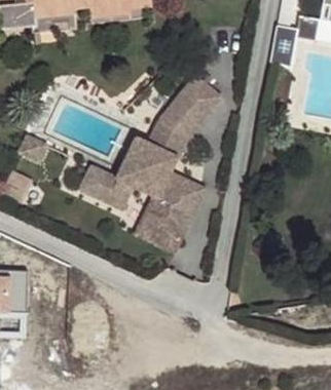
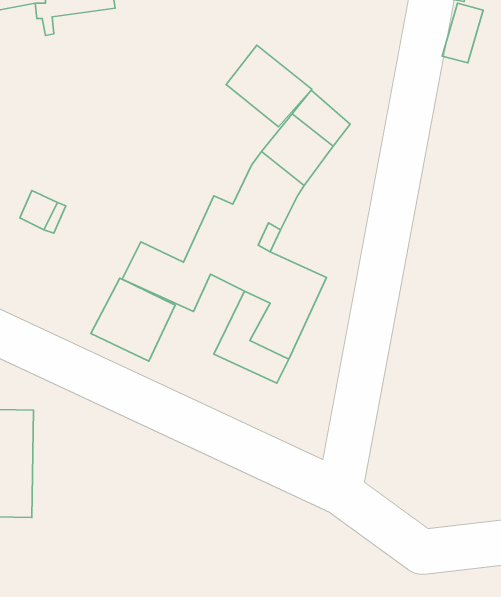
building: none -> [226,45,312,127]
building: none -> [91,278,175,361]

